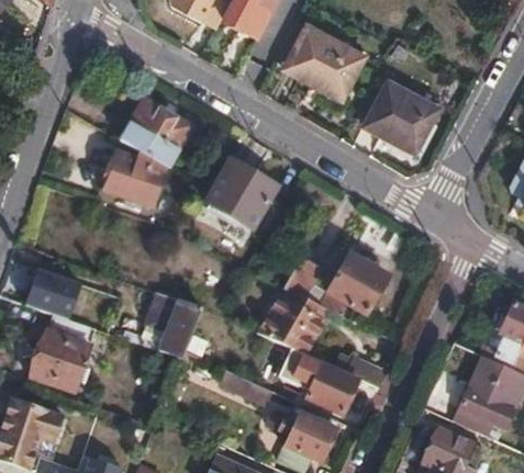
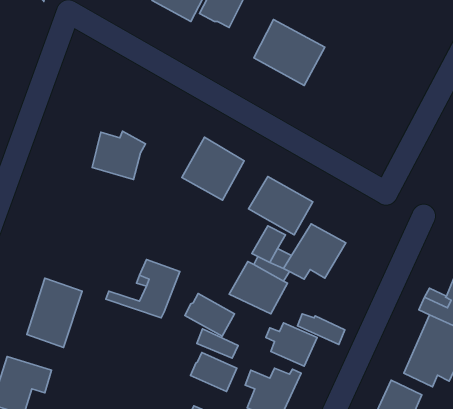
building: [366,81,438,151] -> none
building: [120,100,191,167] -> none
building: none -> [249,177,313,235]
building: [27,269,75,317] -> none
building: none -> [185,294,234,336]
building: none -> [191,352,237,391]

